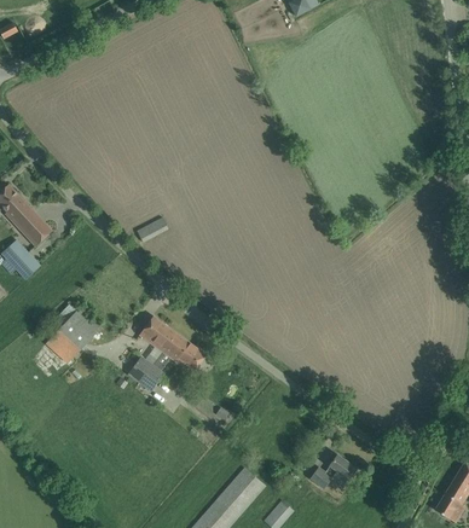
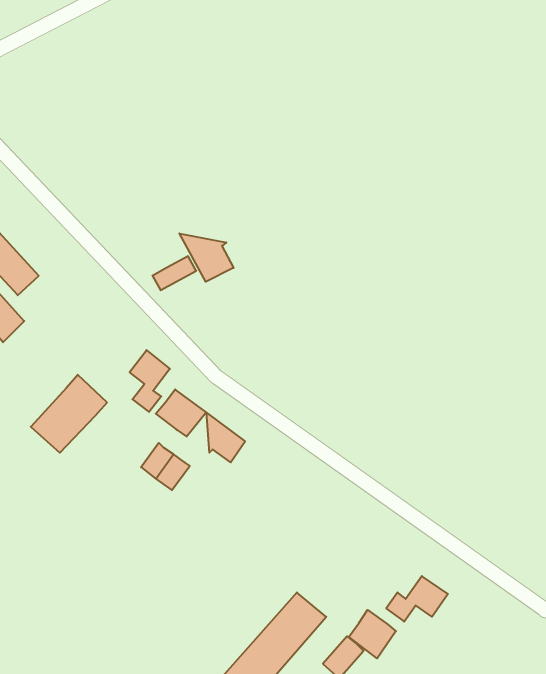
building: none -> [179,233,234,282]
building: none -> [130,350,170,412]
building: none -> [349,610,396,658]

